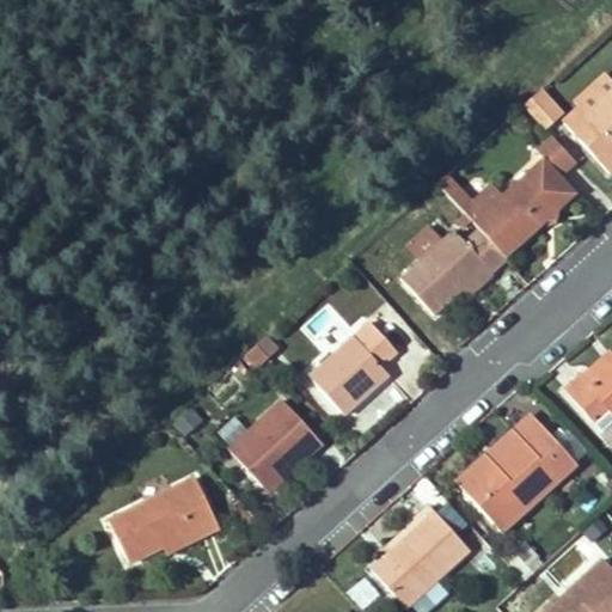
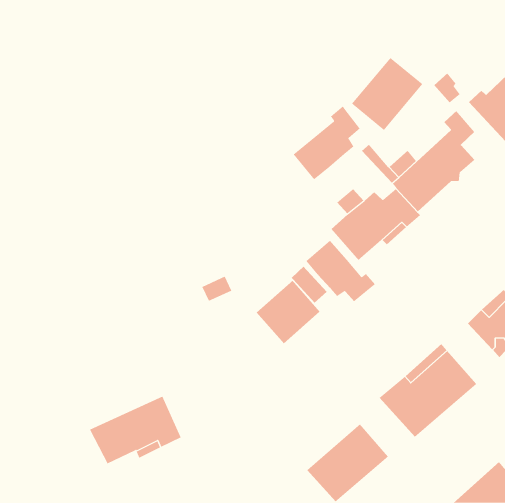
building: none -> [351,57,423,131]
building: none -> [293,106,361,180]
building: none -> [305,240,376,302]
building: [230,402,322,486] -> none

